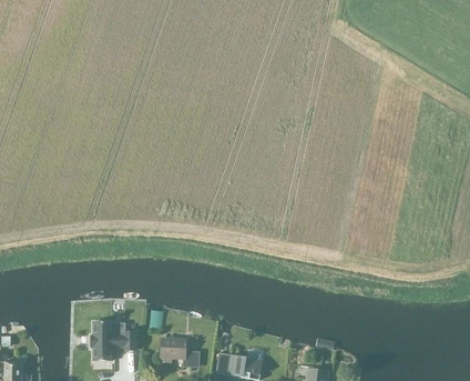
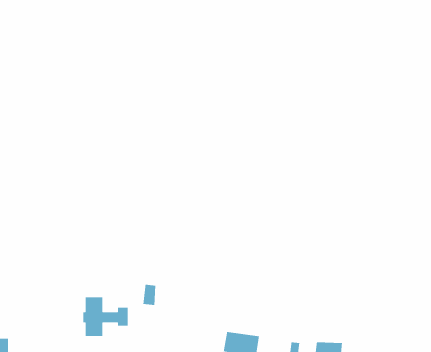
building: [160,338,192,367] -> none

